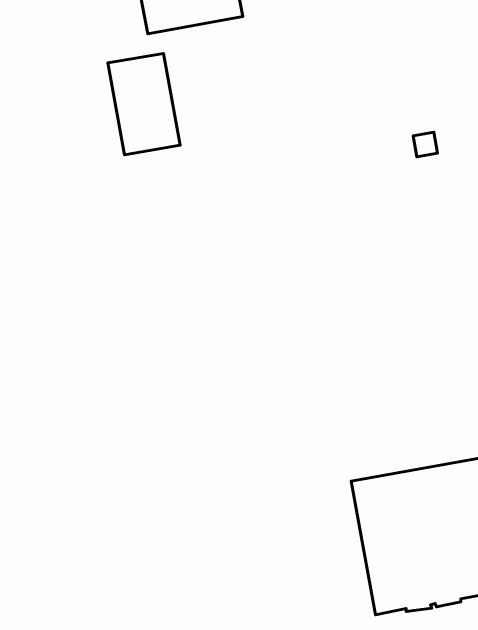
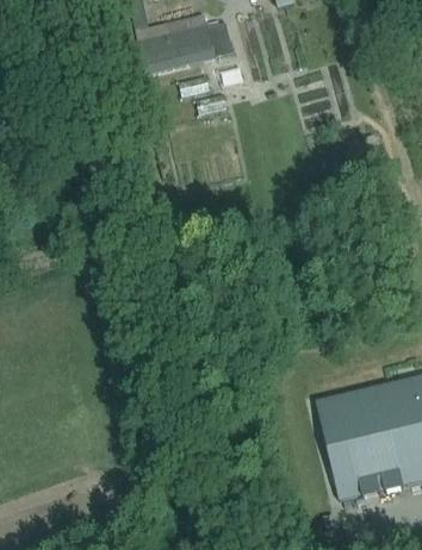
building: [108,53,180,155] -> none

